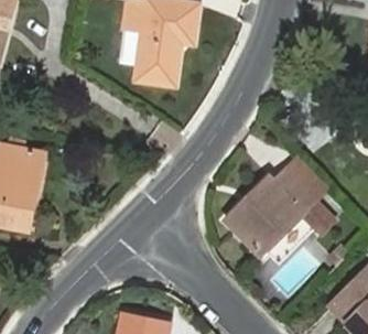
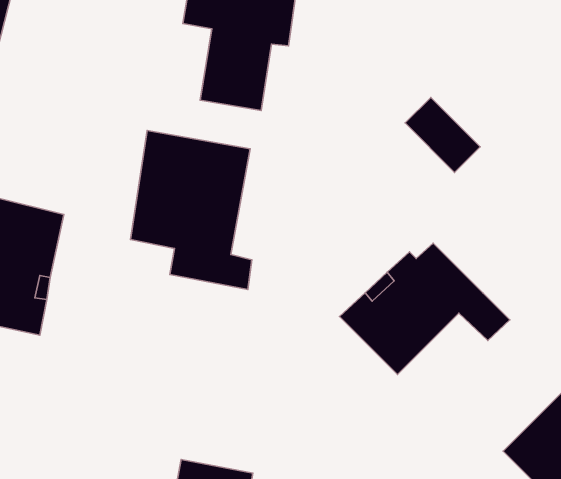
building: none -> [130,131,252,290]
building: [284,155,333,204] -> [405,97,480,172]

